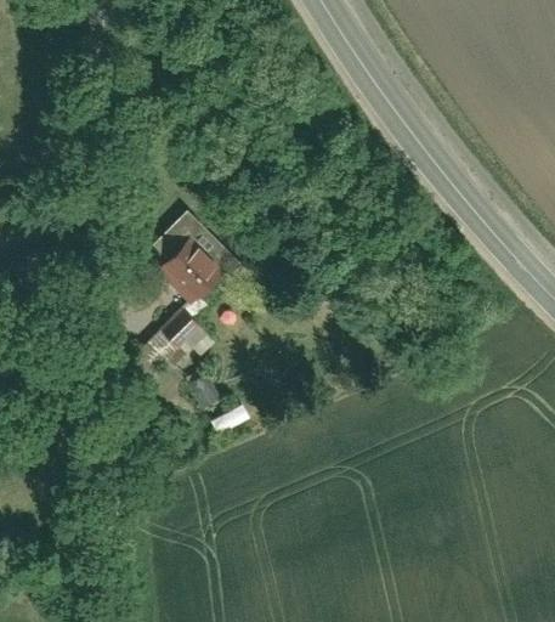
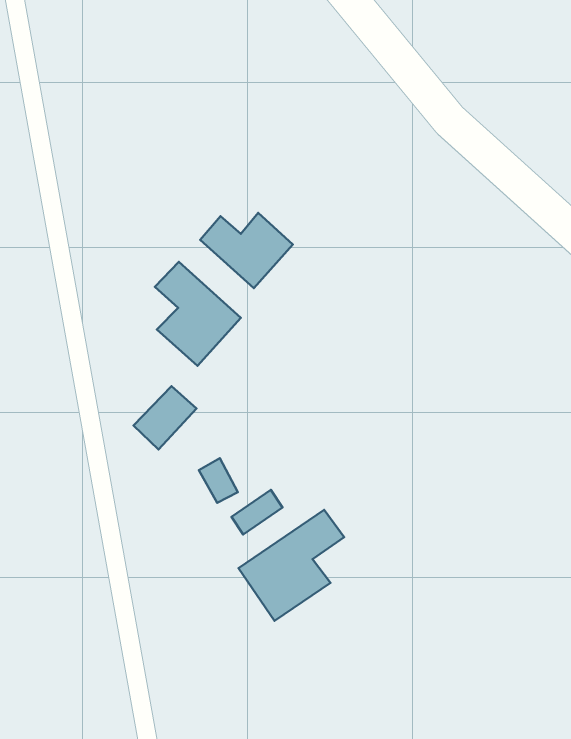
building: none -> [200,213,293,288]
building: none -> [238,510,344,621]

